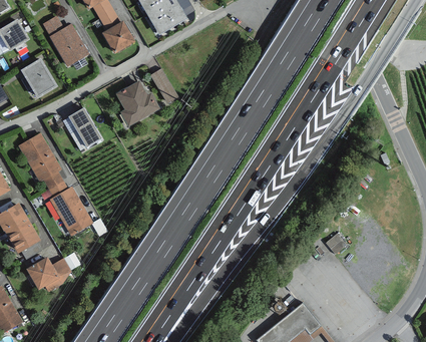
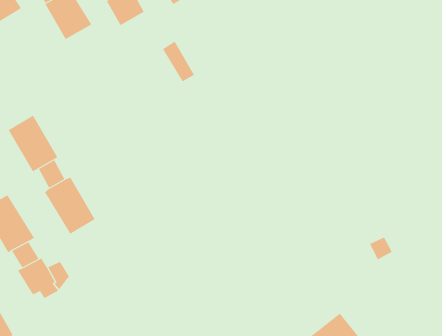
building: [19,60,56,100] -> none
building: [114,81,159,127] -> none
building: [61,108,101,153] -> none

